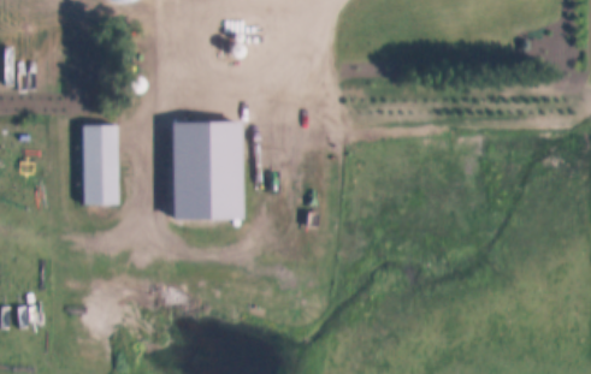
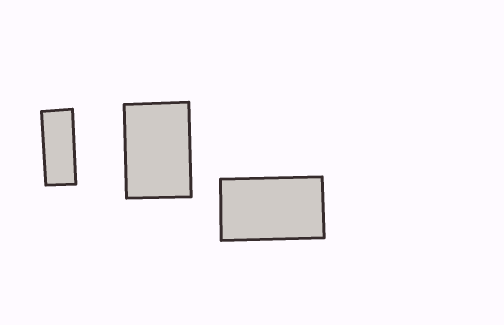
building: none -> [221,177,324,240]

